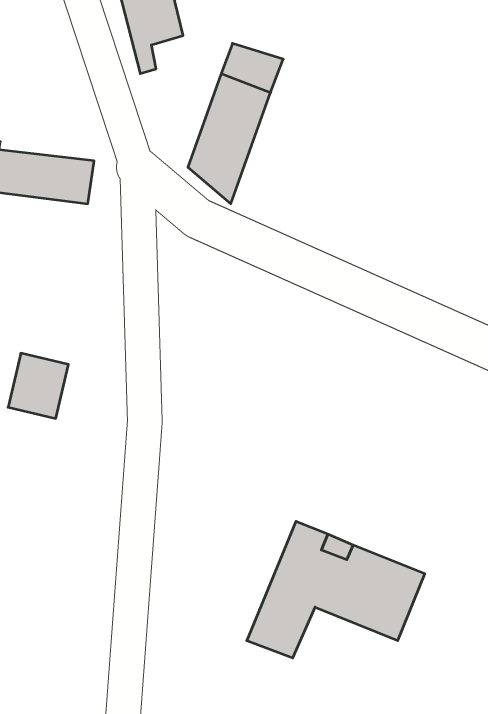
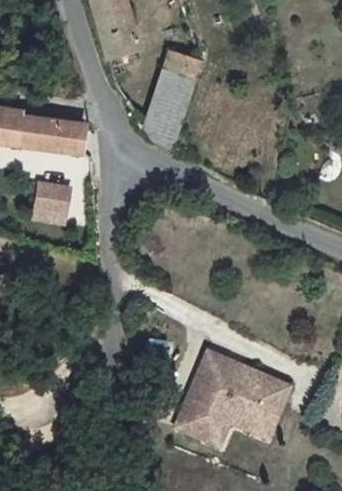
building: [8,353,68,418] -> [34,183,72,224]
building: none -> [208,404,274,442]

